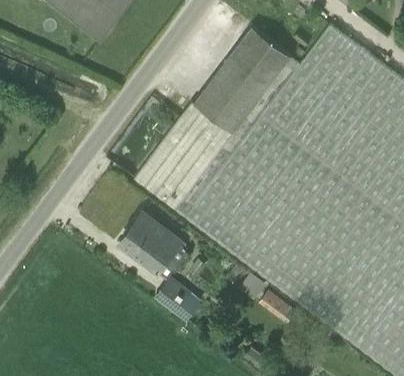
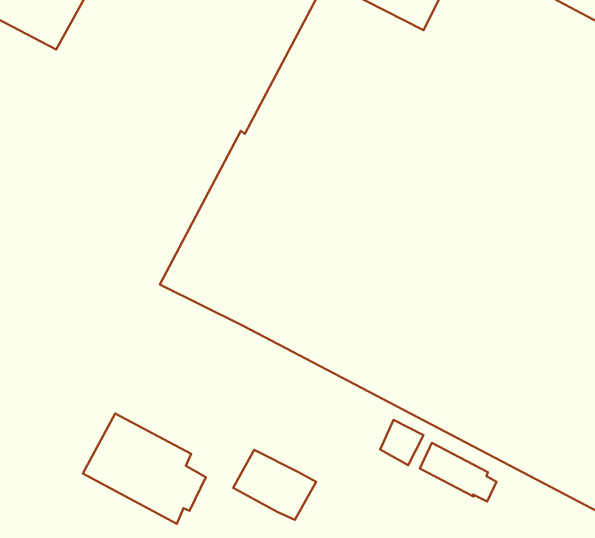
building: [120,214,187,280] -> [83,413,206,524]

